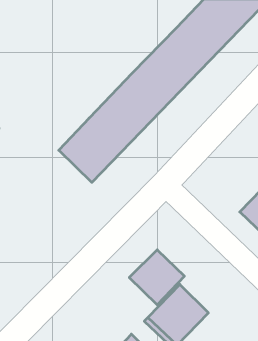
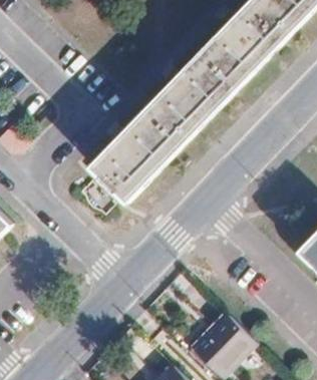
building: [129,250,184,305] -> none

